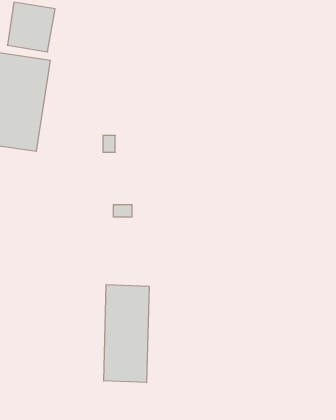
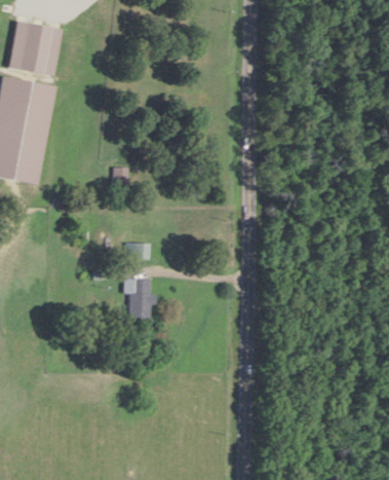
building: none -> [123,278,151,317]
building: [104,285,149,383] -> none

